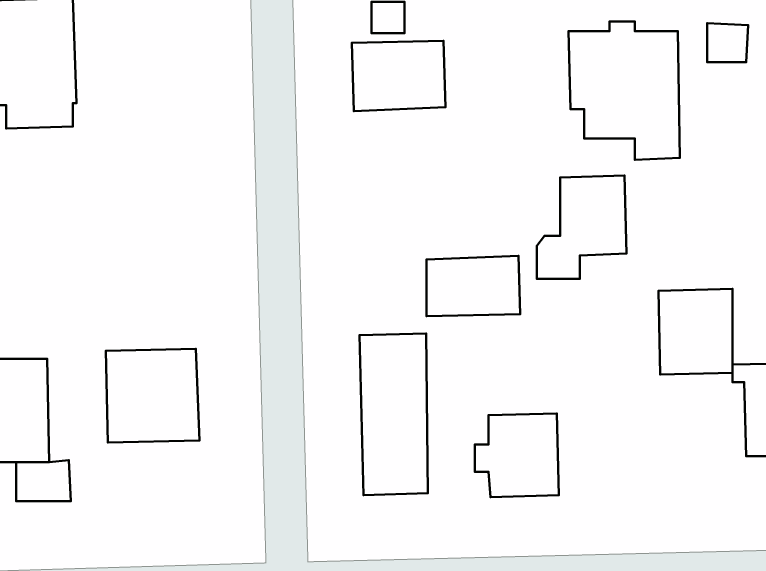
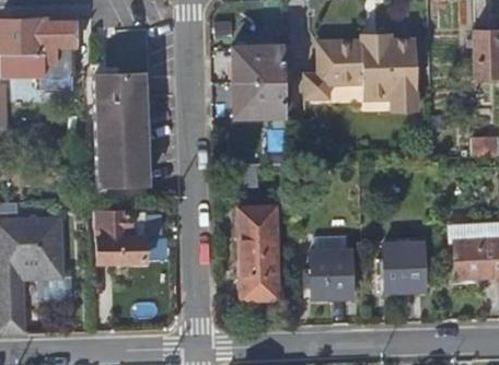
building: none -> [98,76,150,185]
building: [537,175,627,279] -> [305,38,356,96]
building: [427,256,520,316] -> [234,81,287,115]
building: [658,289,733,375] -> [381,244,422,292]

